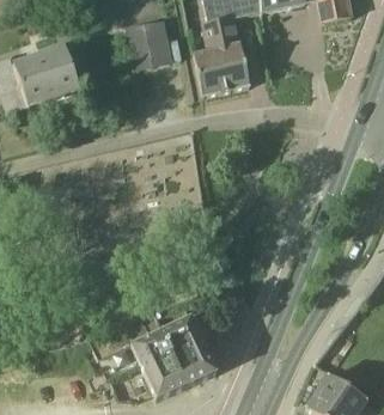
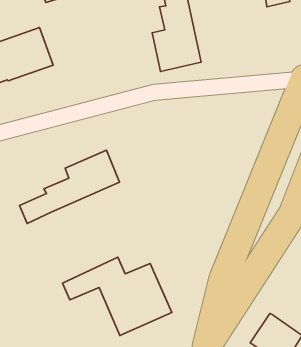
building: [127,19,171,68] -> none
building: none -> [20,150,120,224]

